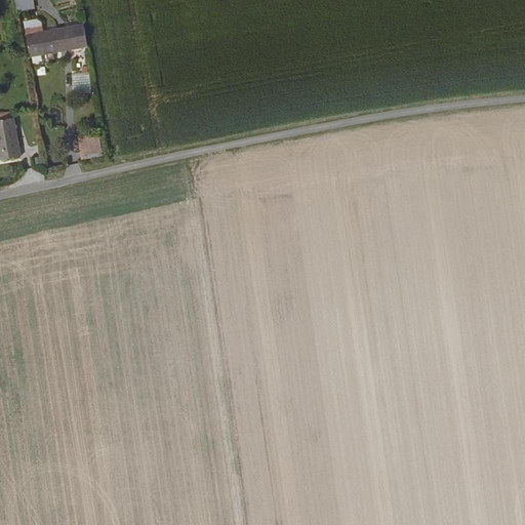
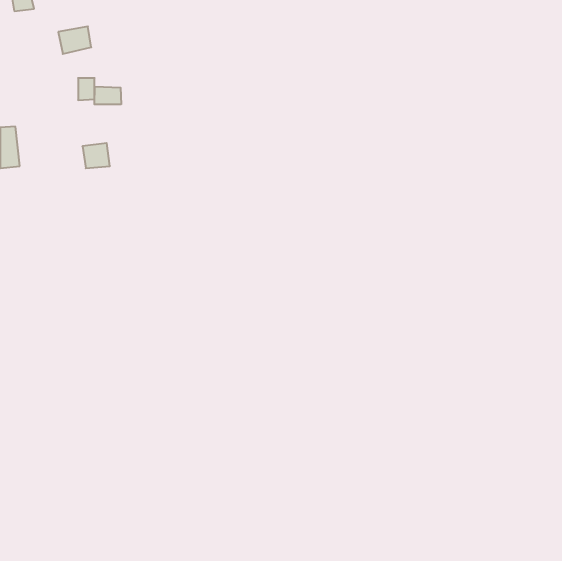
building: [25,30,58,57] -> none
building: none -> [94,87,121,104]

